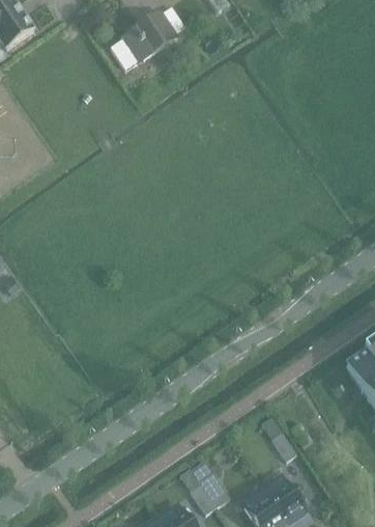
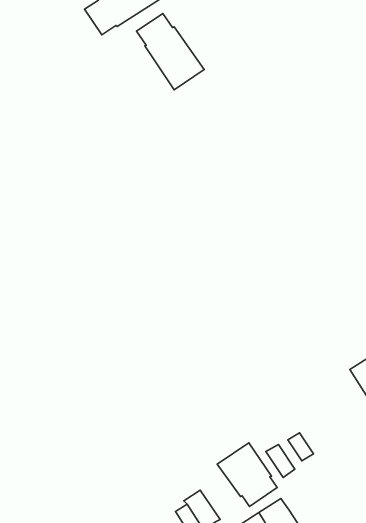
building: none -> [137,13,204,90]
building: none -> [217,443,277,506]

